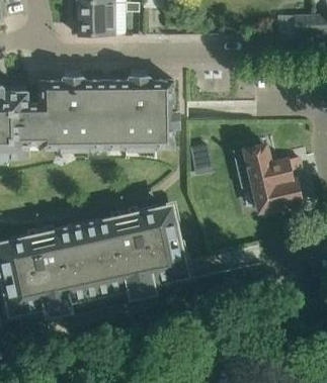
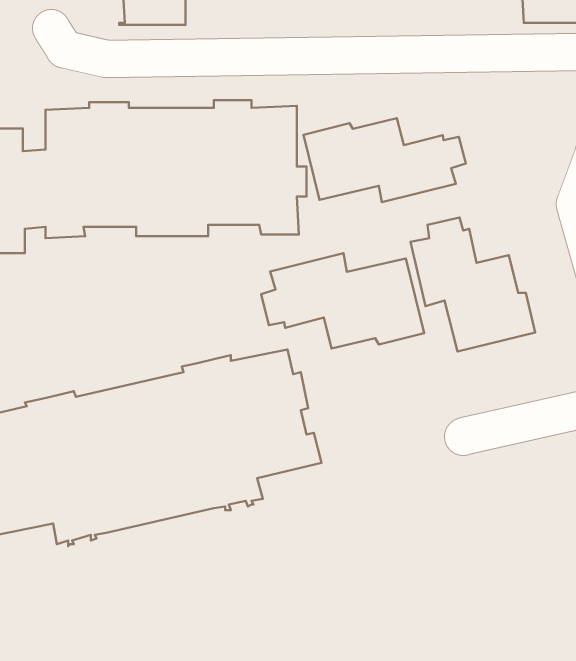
building: none -> [304,118,466,202]
building: none -> [261,253,424,349]

